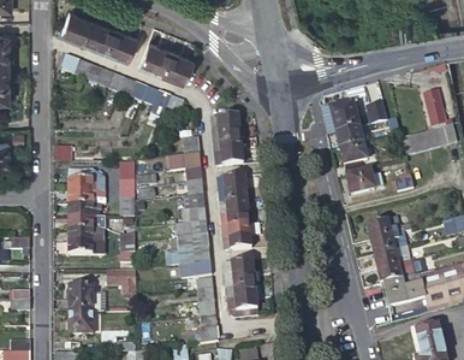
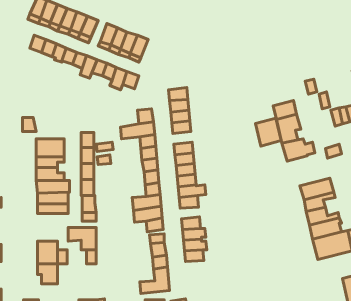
building: [329,100,358,131] -> [256,118,281,146]

